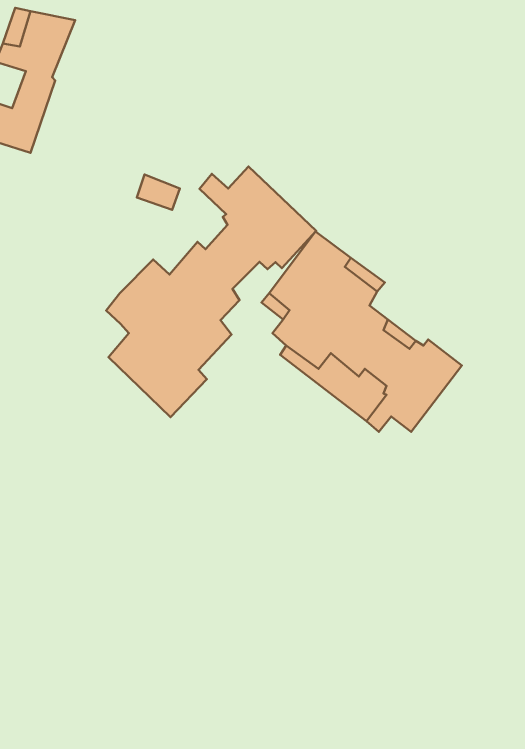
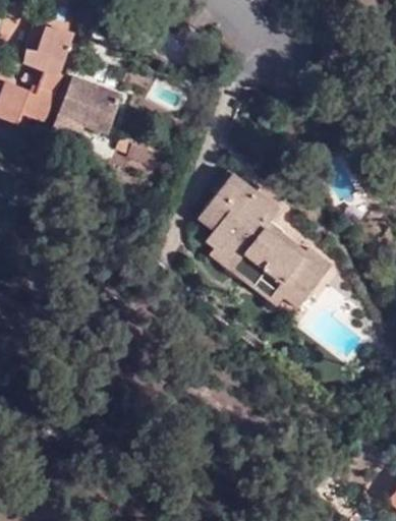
building: none -> [49,78,120,147]
building: [106,166,316,417] -> none

